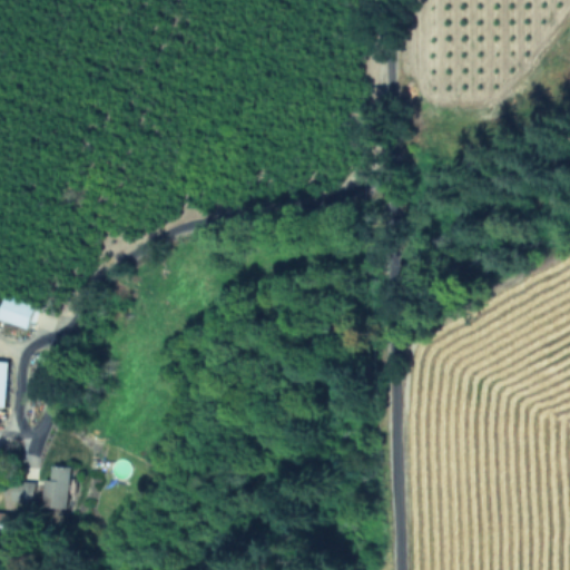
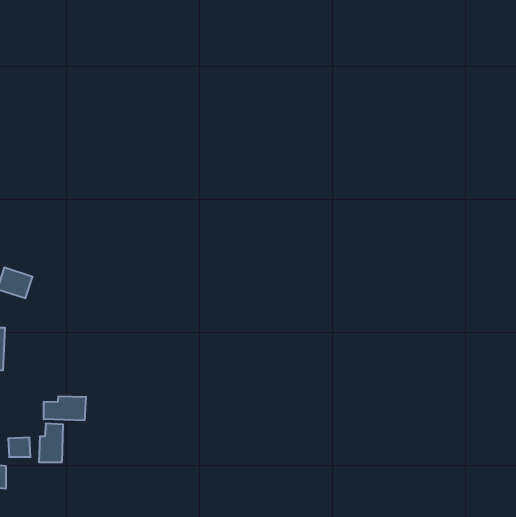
building: none -> [44,396,86,420]

